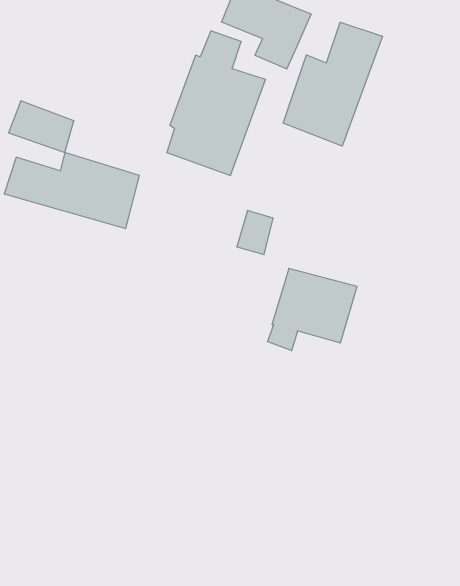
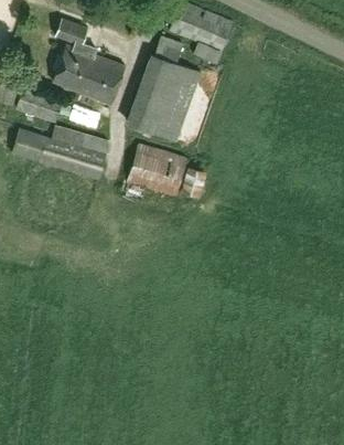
building: none -> [53,20,126,106]
building: [283,22,382,146] -> none
building: [267,268,357,351] -> [123,144,189,203]

